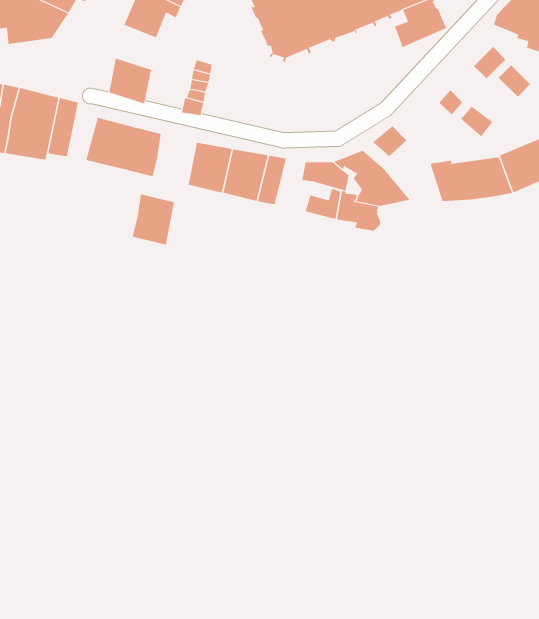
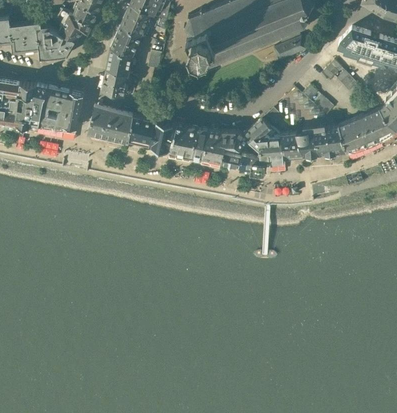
building: none -> [105,48,131,75]
building: none -> [202,129,225,161]
building: none -> [279,133,303,156]
building: [132,194,175,245] -> [128,114,154,145]

